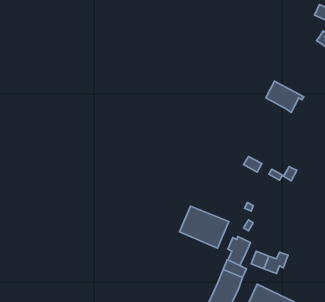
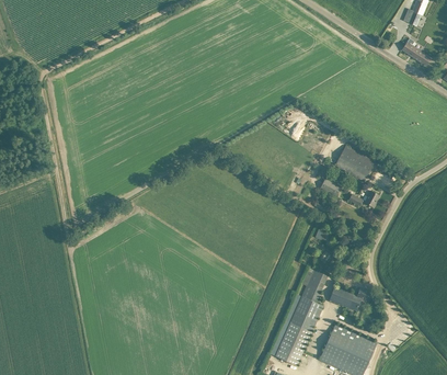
building: [266,81,304,112] -> [334,146,377,181]
building: [179,206,229,248] -> none

